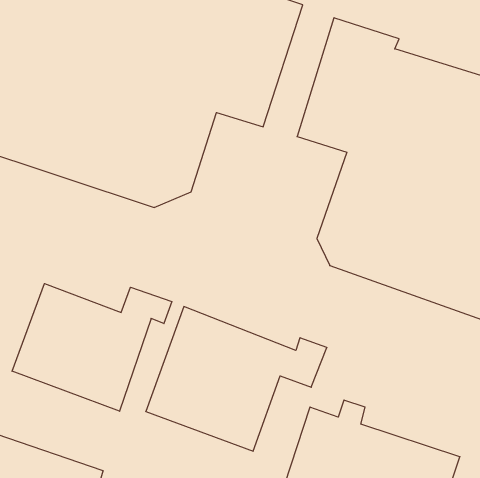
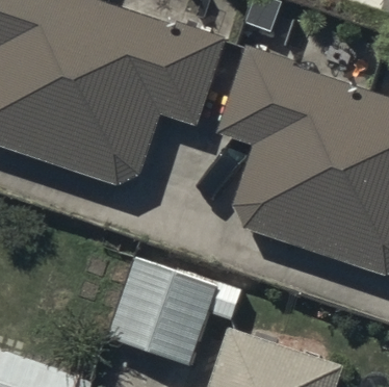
building: [12,284,172,411] -> none

